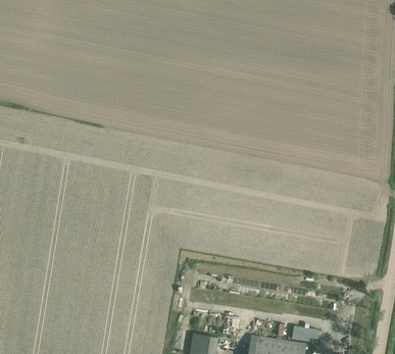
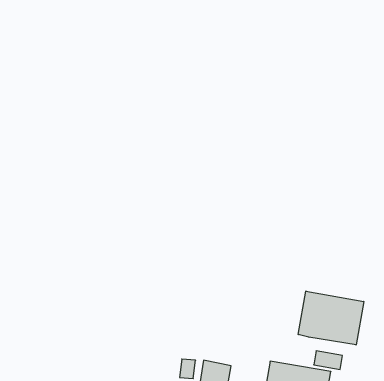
building: none -> [298,291,364,345]

